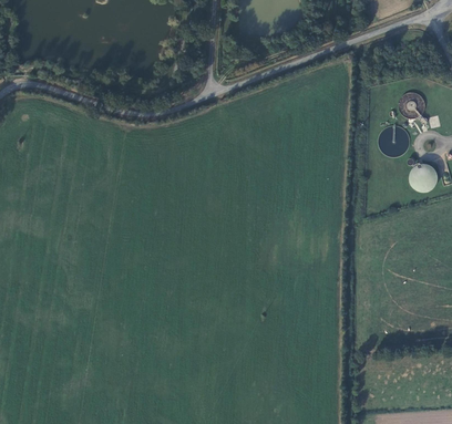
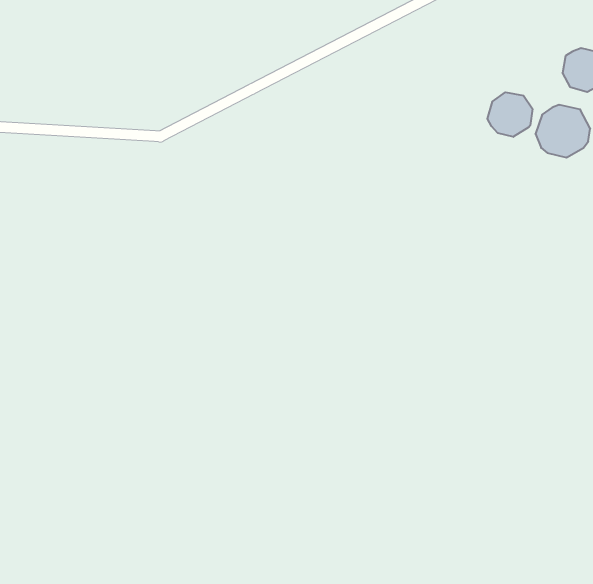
building: none -> [487,92,532,137]

